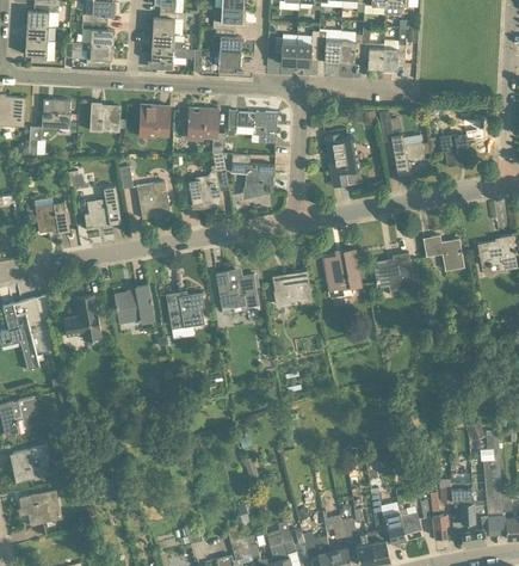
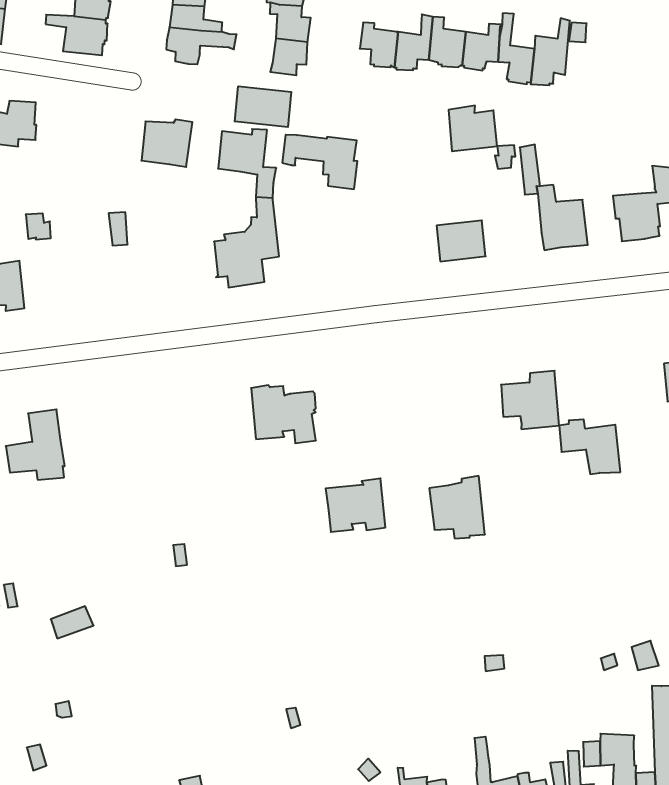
building: none -> [235,86,291,127]
building: [88,101,126,131] -> none
building: [325,134,357,164] -> [449,106,497,151]
building: [231,153,274,197] -> none
building: [137,180,169,219] -> none
building: [84,185,121,227] -> none
building: [424,235,464,270] -> [559,419,620,474]
building: [323,250,360,290] -> [429,476,485,538]
building: [272,270,311,306] -> [326,478,385,532]
building: [115,285,154,324] -> none
building: [167,291,203,330] -> none

